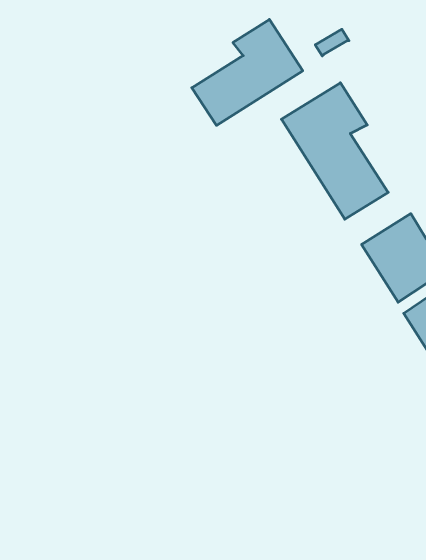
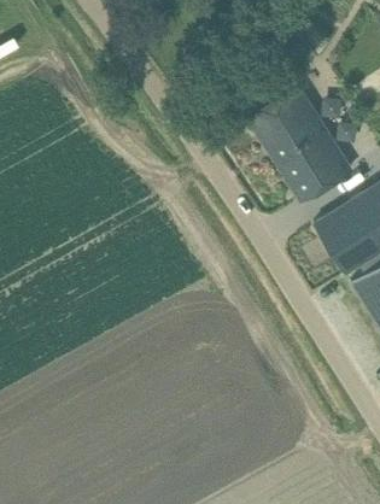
building: [192,19,303,125] -> none

